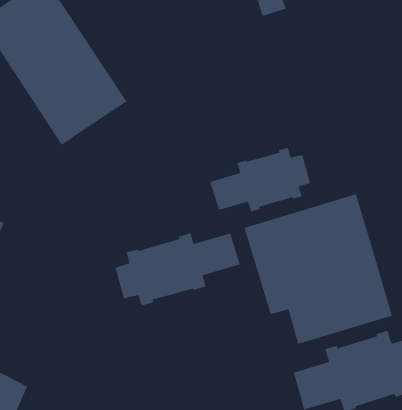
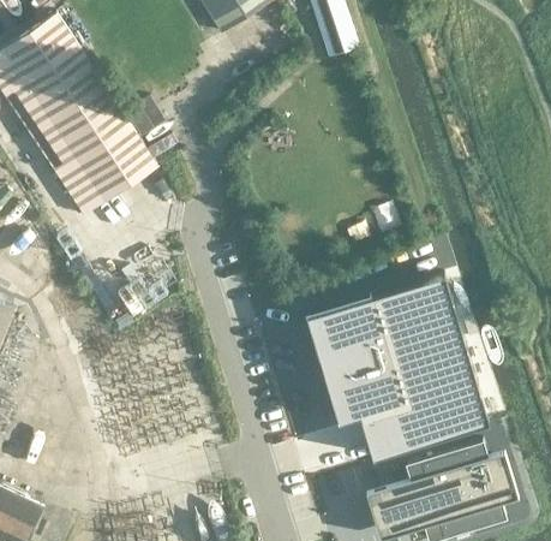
building: [209,147,311,213] -> none
building: [115,232,241,307] -> none

